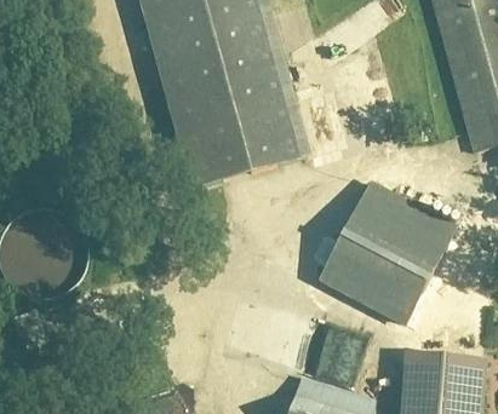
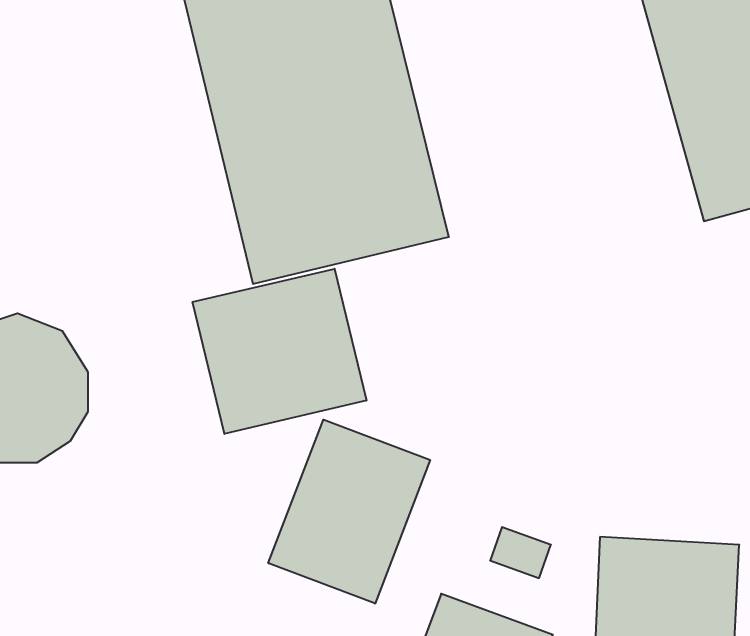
building: none -> [193,269,366,434]
building: [316,184,452,322] -> none
building: none -> [268,420,430,604]

